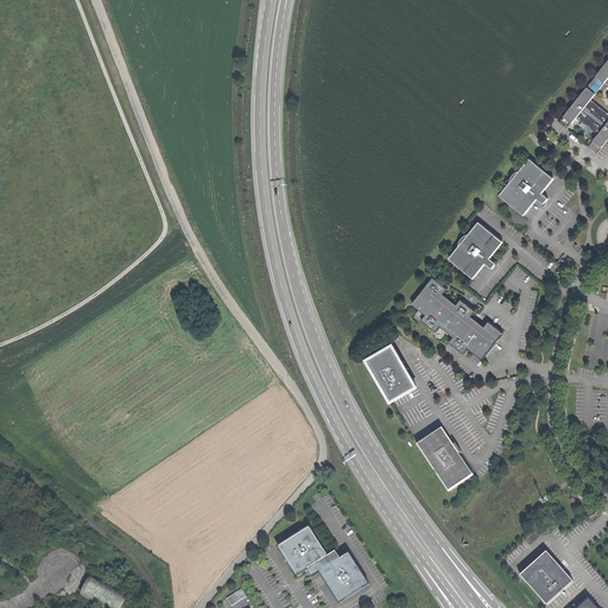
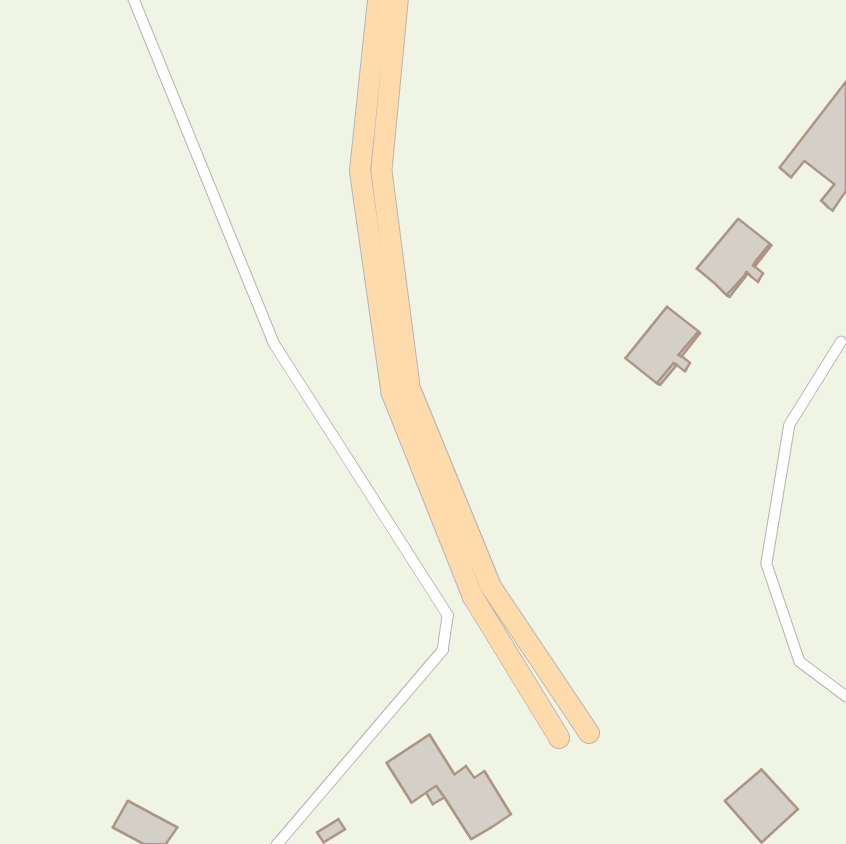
building: [411,276,501,359] -> none
building: [365,346,413,400] -> none
building: [416,426,470,489] -> none

